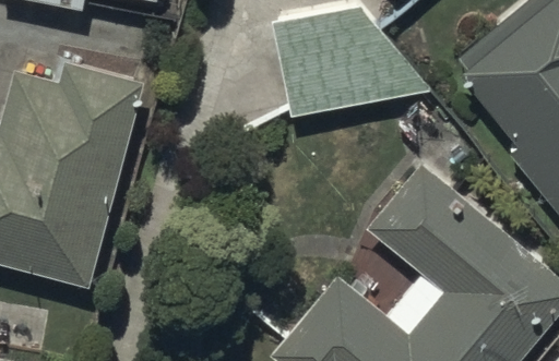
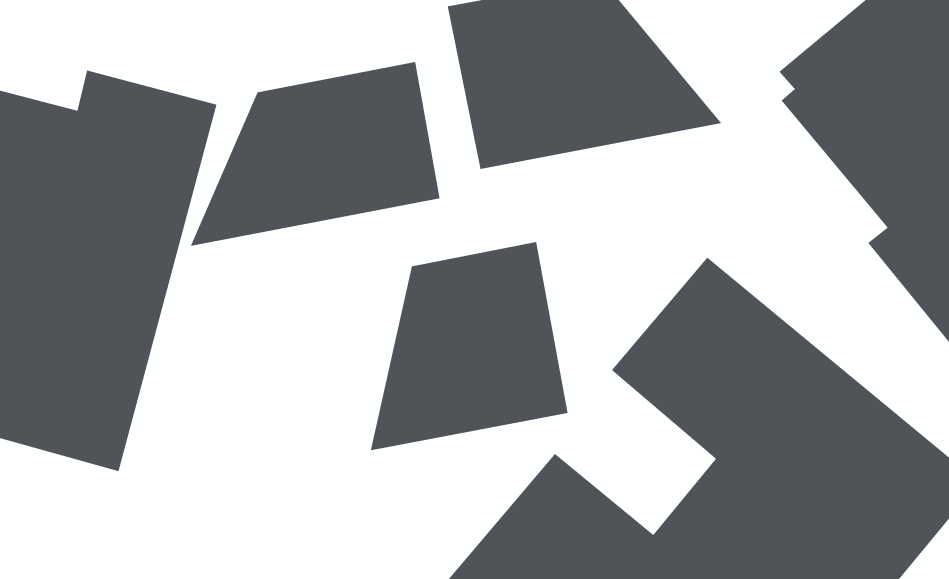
building: none -> [190,61,440,247]
building: none -> [370,241,568,451]

